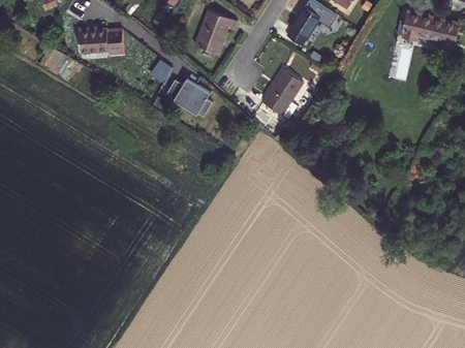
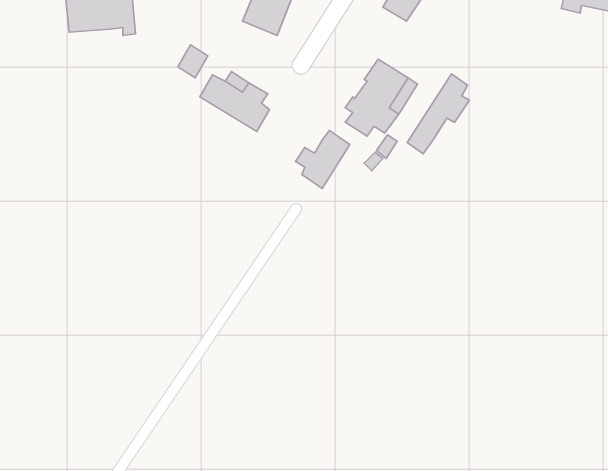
building: none -> [407,74,469,154]
building: none -> [295,131,350,188]

